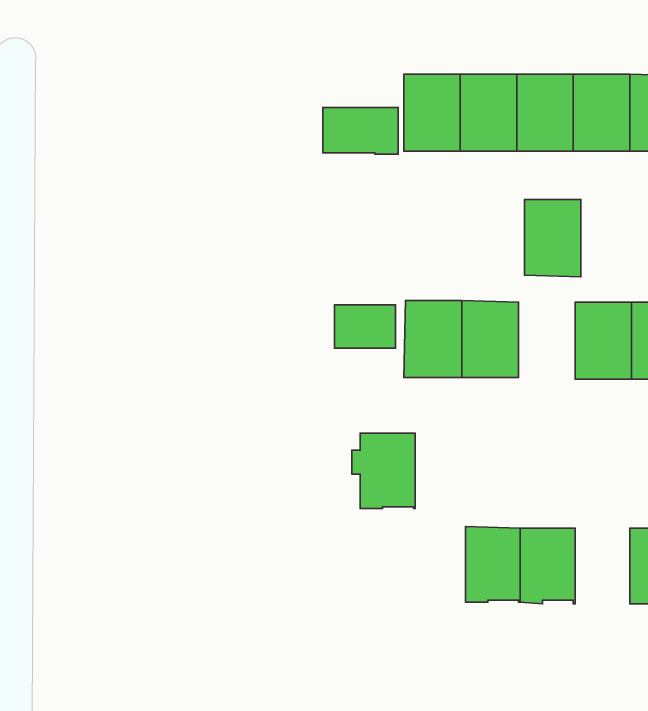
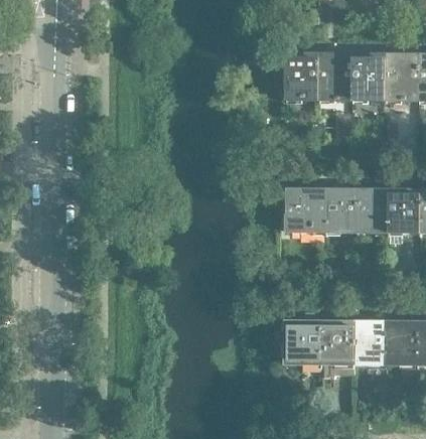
building: [323,107,398,154] -> none
building: [524,200,581,277] -> [340,188,374,234]
building: [334,305,396,348] -> none
building: [352,433,415,509] -> [272,320,309,364]
building: none -> [374,321,406,365]

